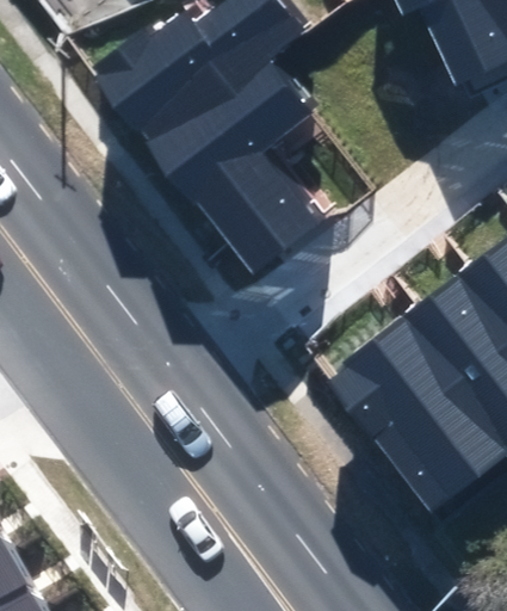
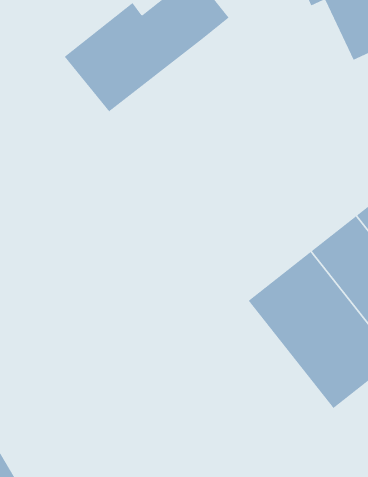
building: [155,54,322,273] -> none

